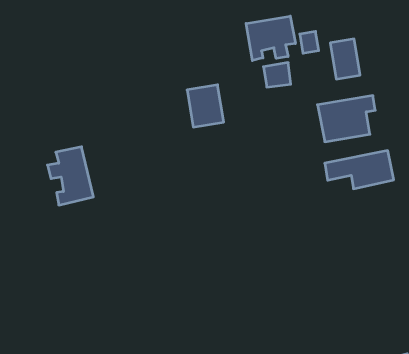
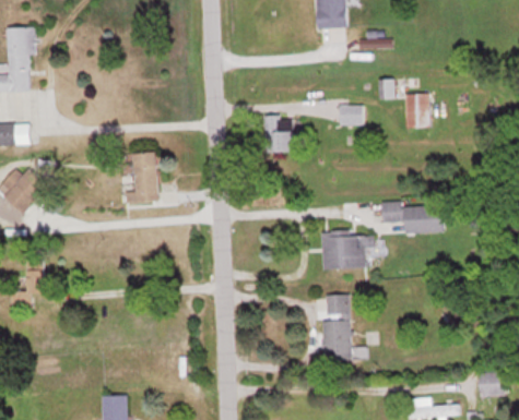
building: [246,16,295,61] -> none
building: [317,96,375,142] -> [320,233,374,269]
building: none -> [322,296,350,361]

